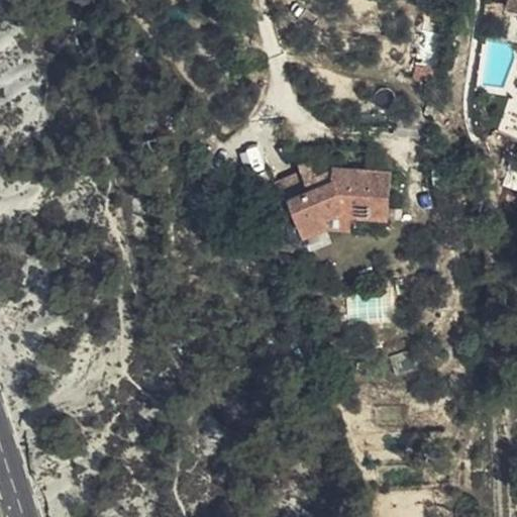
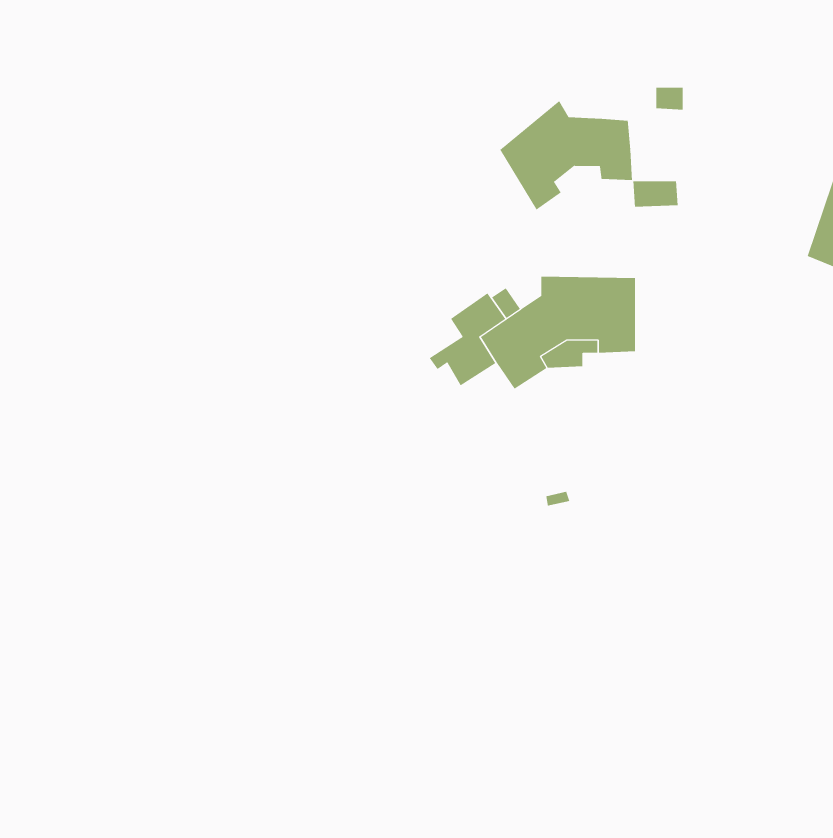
building: none -> [500,100,633,211]

